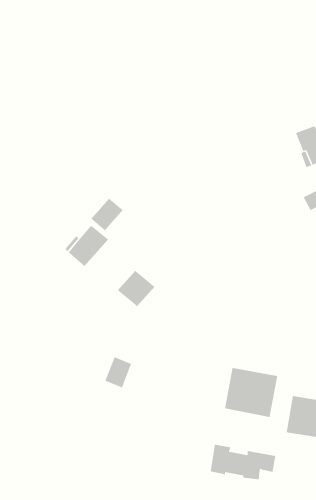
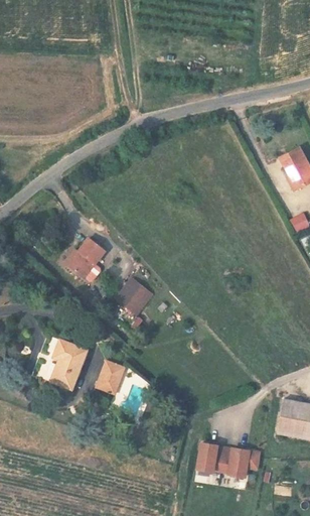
building: [91,198,123,231] -> none
building: none -> [55,342,91,391]
building: [225,367,278,418] -> none

